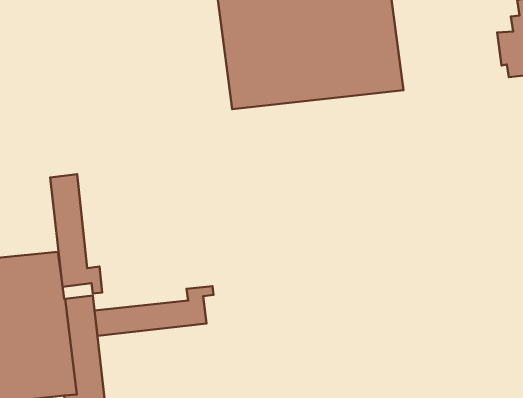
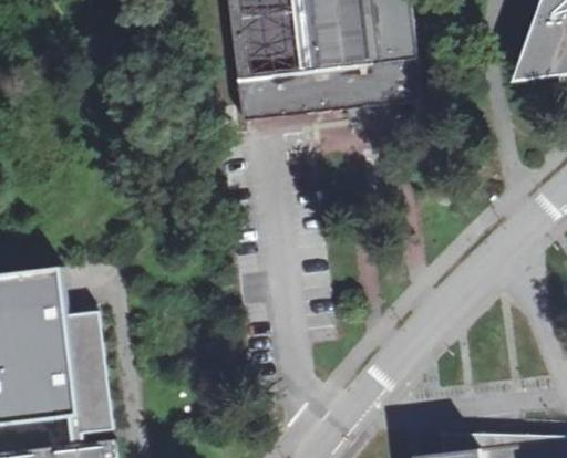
building: [50,174,102,294] -> none
building: [95,286,214,336] -> none

